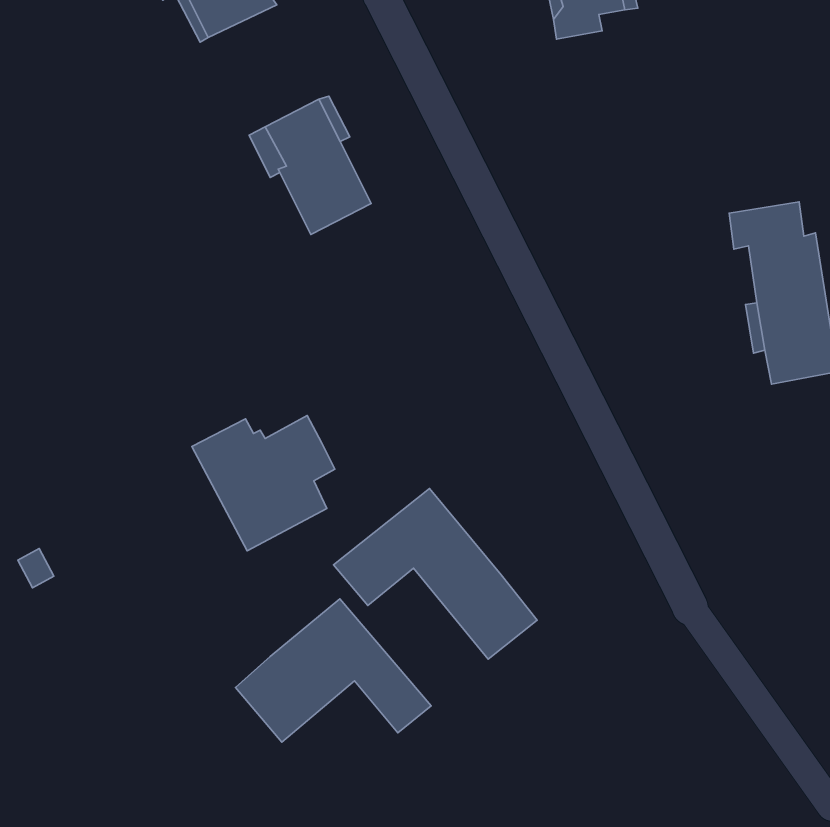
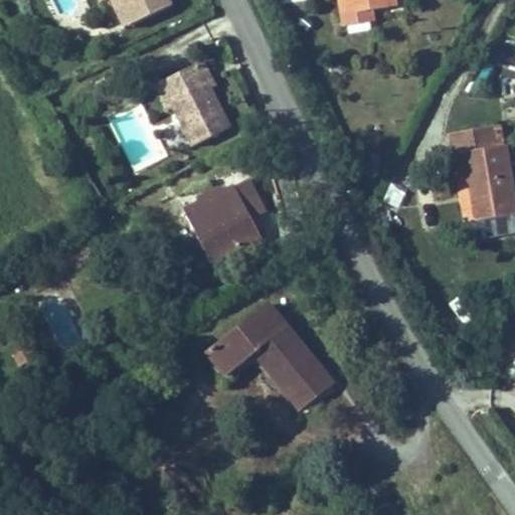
building: [192,416,335,551] -> [177,177,266,261]
building: [236,599,431,742] -> none

